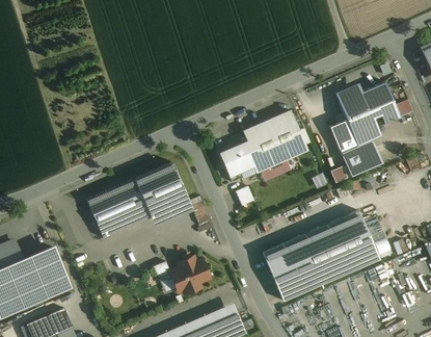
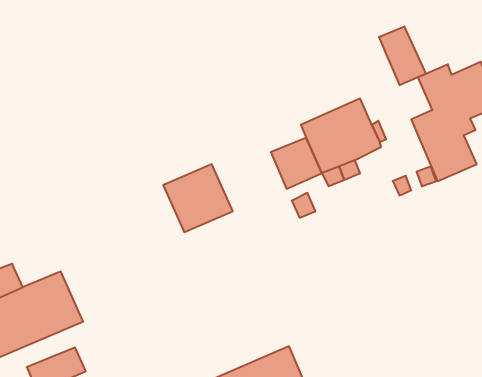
building: none -> [379,26,426,85]
building: [86,179,151,237] -> none
building: [262,210,379,300] -> none
building: [169,256,210,293] -> none

